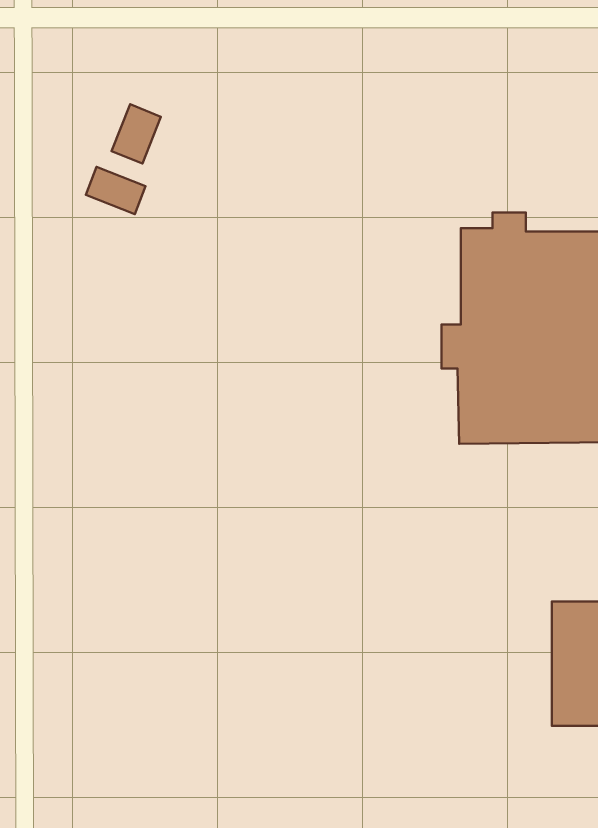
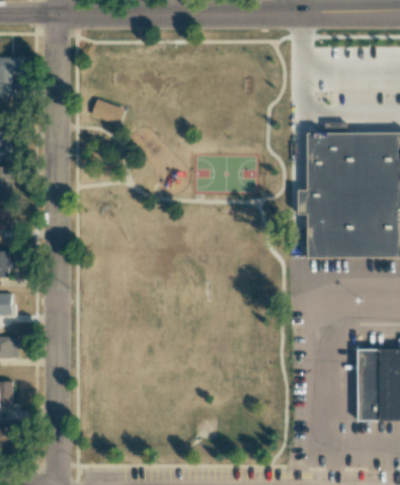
building: [112,104,161,164] -> none

